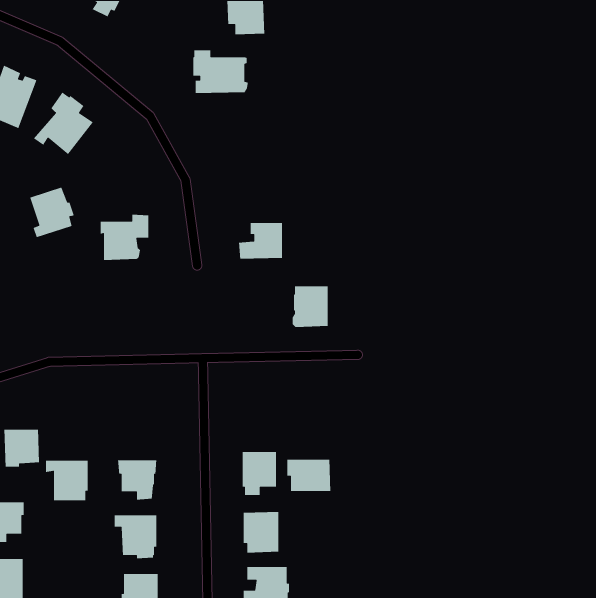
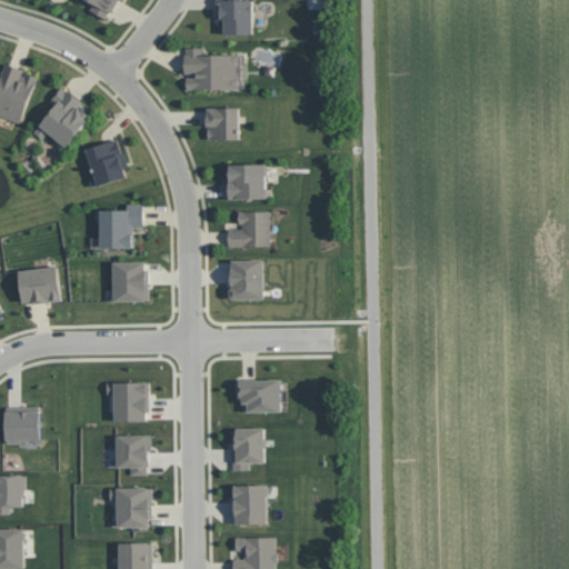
building: none -> [203,109,237,141]
building: none -> [223,166,264,200]
building: [29,186,75,238] -> [83,140,127,189]
building: none -> [111,263,146,302]
building: none -> [17,267,59,306]
building: [292,285,328,328] -> [227,261,261,301]
building: [287,459,331,492] -> [237,381,279,412]
building: [45,460,88,501] -> [104,383,146,422]

